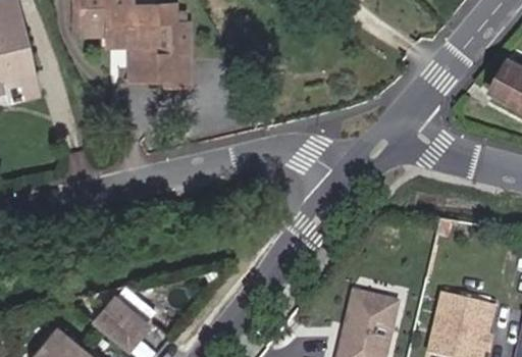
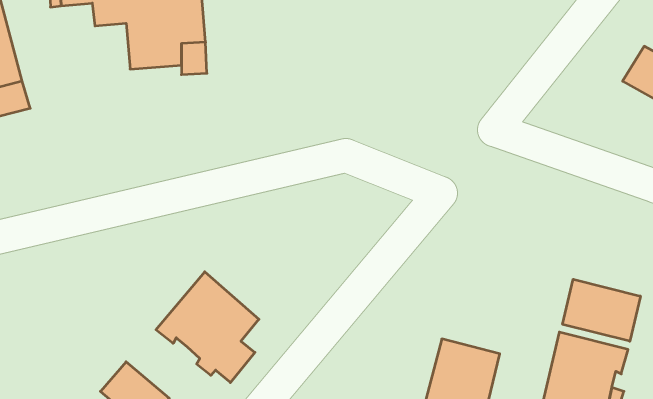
building: none -> [156,272,259,383]
building: none -> [563,279,640,341]

